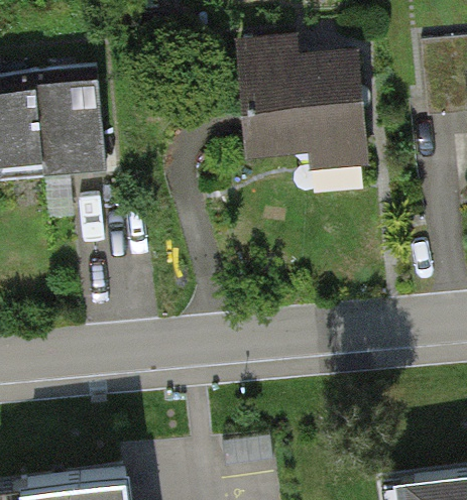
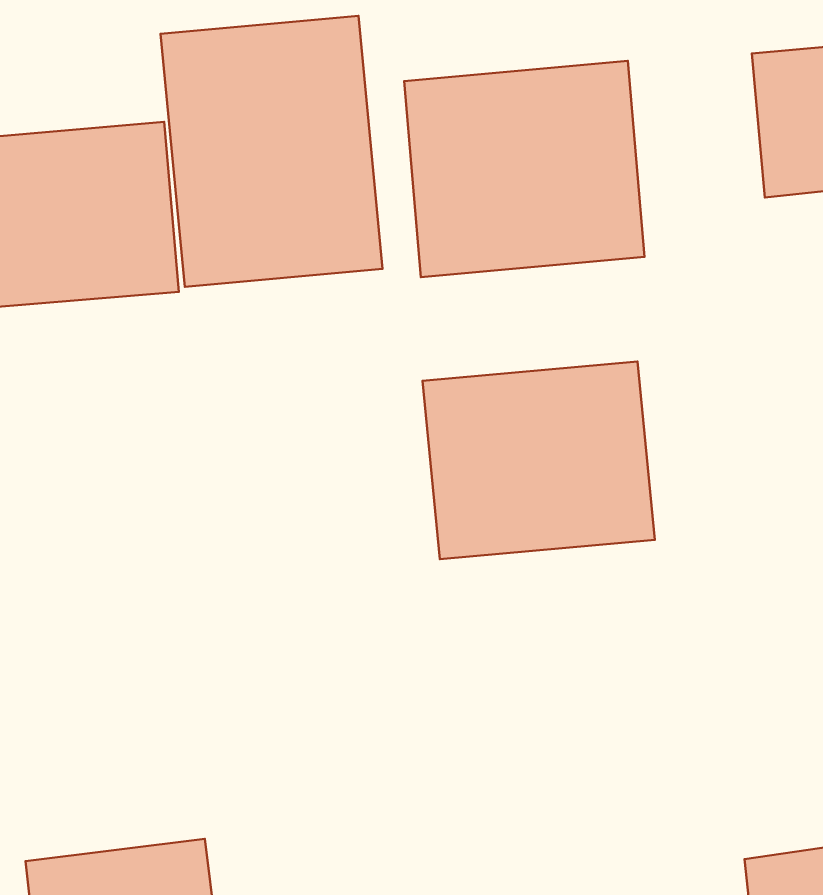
building: none -> [161,16,383,287]
building: none -> [423,361,655,559]

